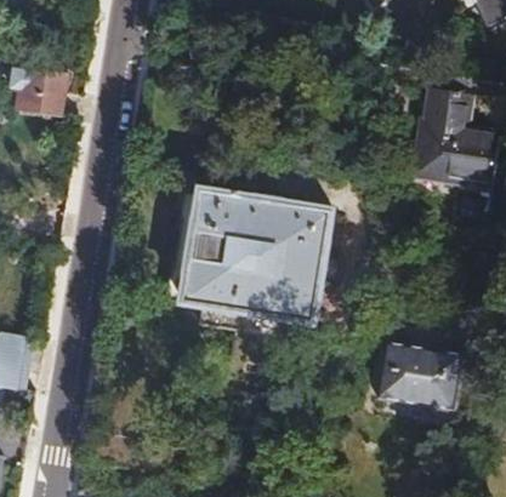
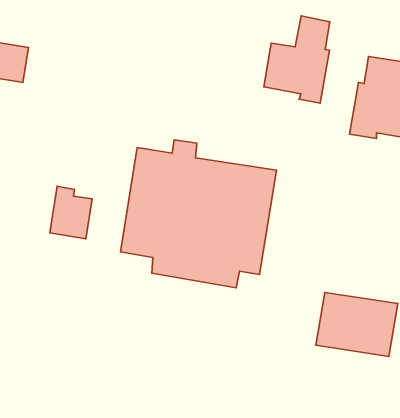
building: none -> [264,16,330,103]
building: none -> [50,186,92,239]

